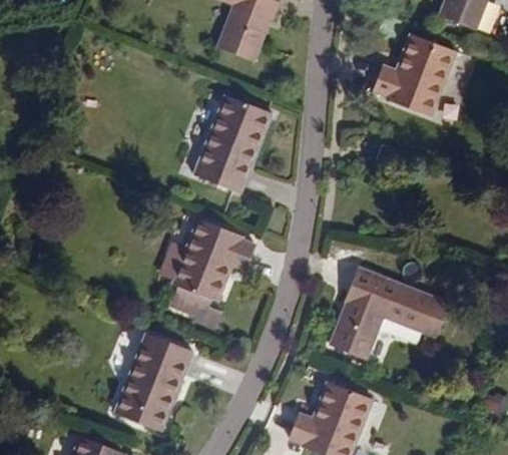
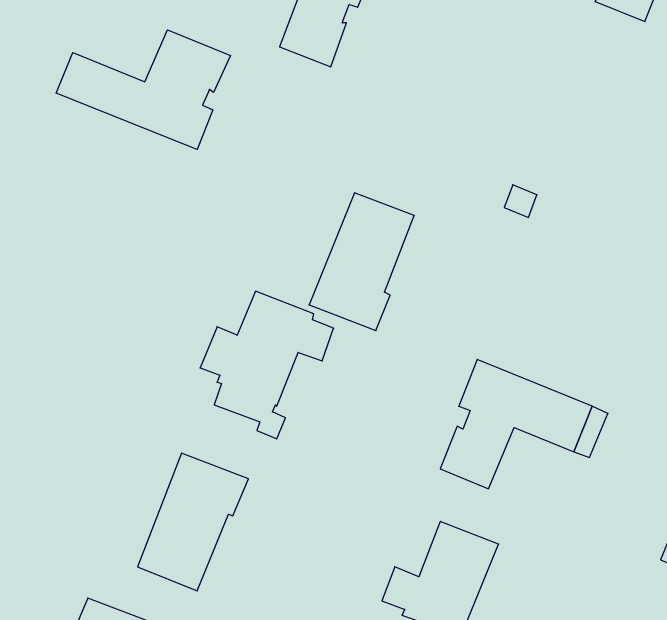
building: [372,34,453,116] -> none
building: none -> [56,30,231,149]
building: [195,95,270,192] -> [309,193,414,331]

